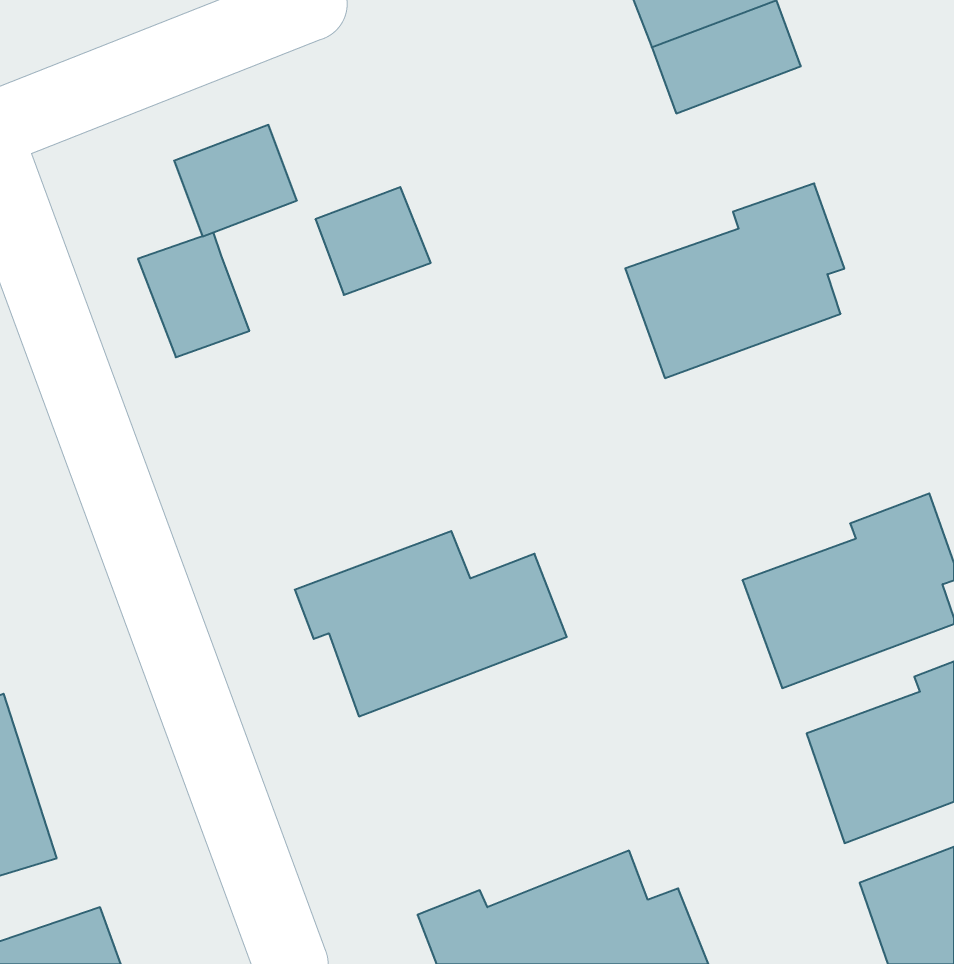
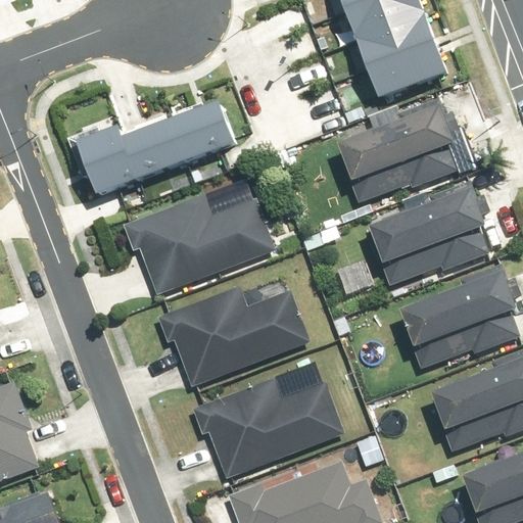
building: none -> [366,36,446,97]
building: [174,125,297,236] -> [120,118,186,179]
building: none -> [370,180,488,285]
building: none -> [125,196,274,292]
building: none -> [191,377,339,477]

